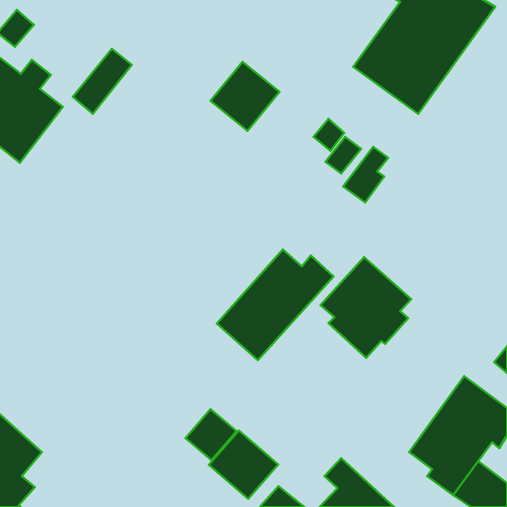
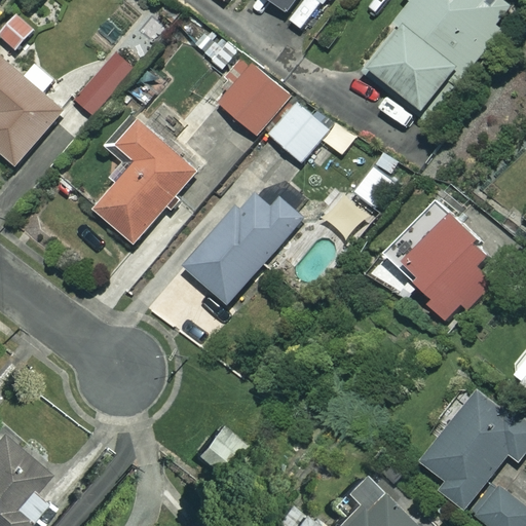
building: none -> [269,103,328,161]
building: none -> [92,110,197,243]
building: [217,249,334,360] -> [183,190,303,304]
building: [320,257,411,358] -> [403,217,496,321]
building: [209,431,278,499] -> none

